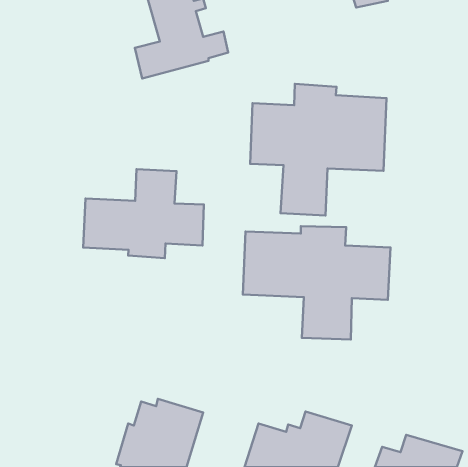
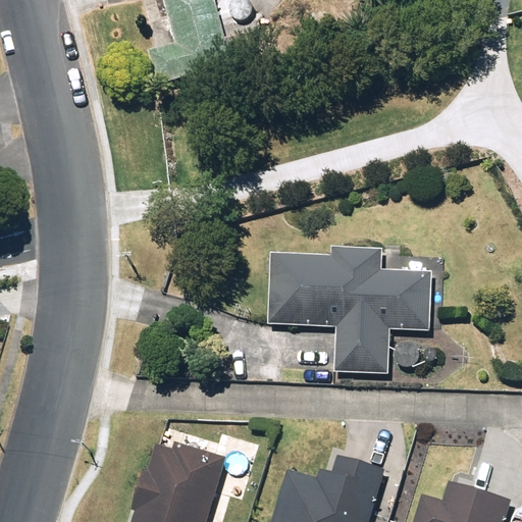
building: [250,84,387,215] -> none
building: [83,169,204,258] -> none

